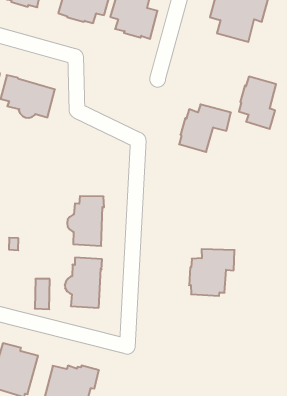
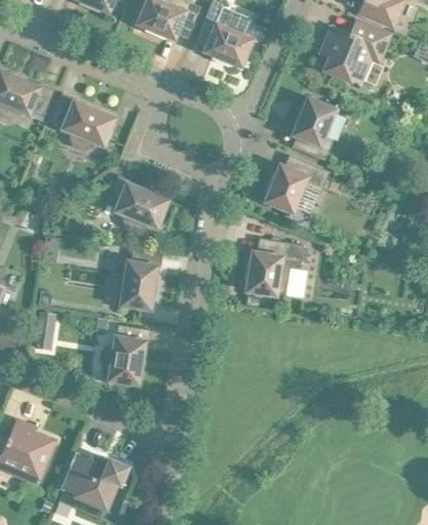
building: [239,77,276,129] -> [288,94,338,161]
building: none -> [105,175,171,231]
building: [189,249,235,296] -> [242,239,303,298]
building: [35,279,50,309] -> [33,312,55,351]

